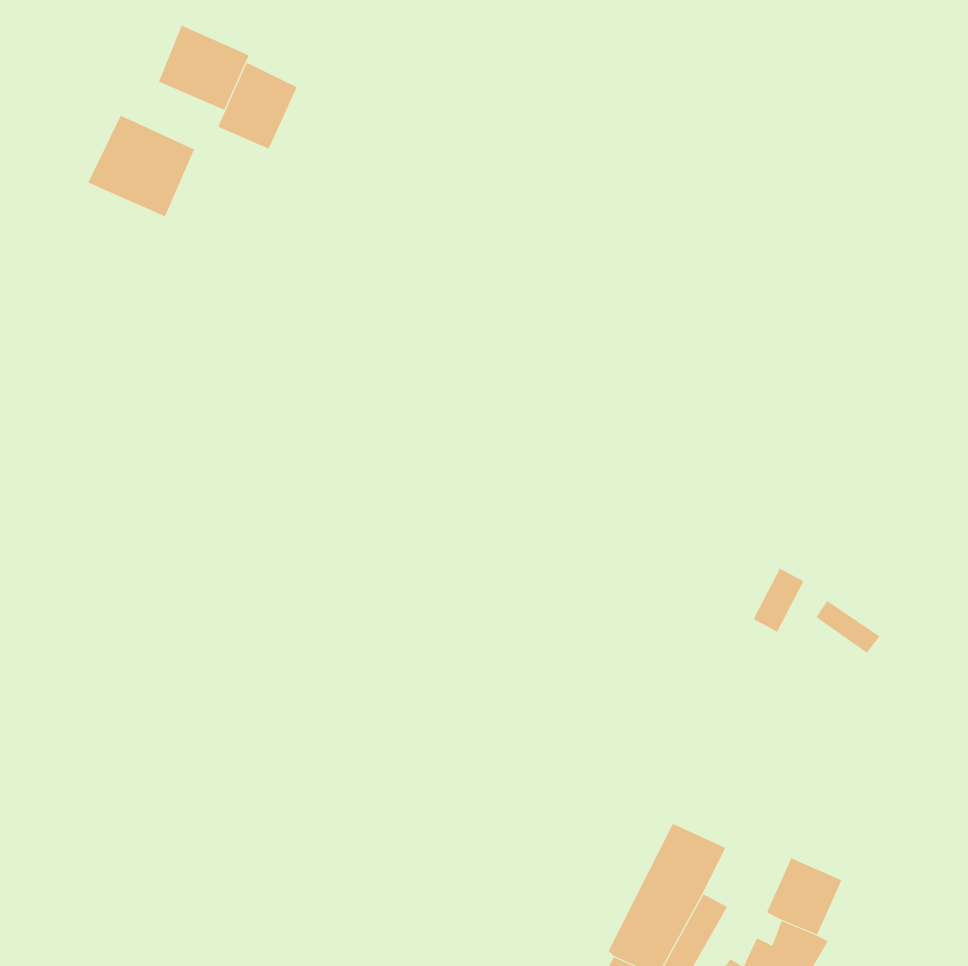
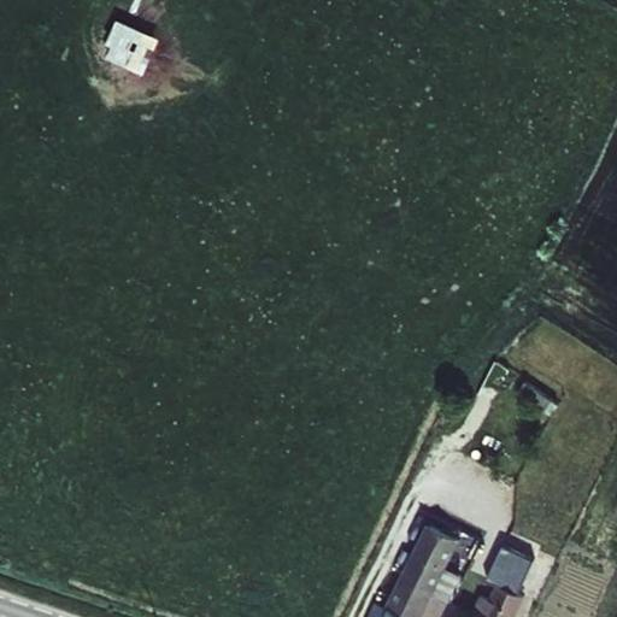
building: [218,62,298,150] -> none
building: [87,115,195,217] -> none

